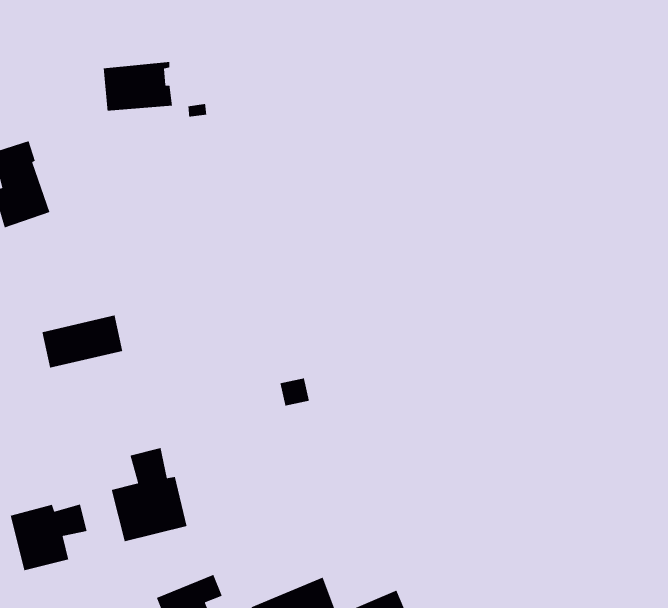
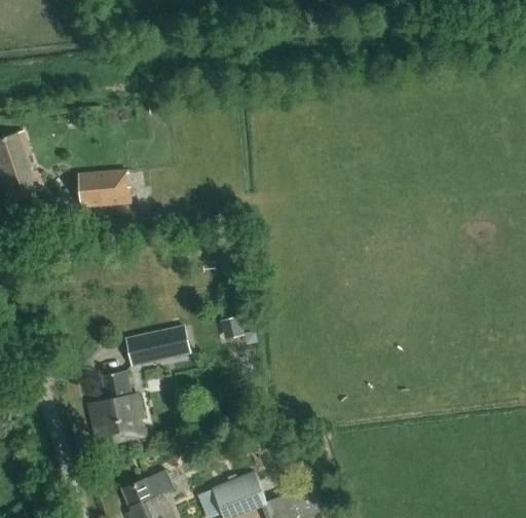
building: [103,61,173,111] -> [77,169,132,208]
building: [42,315,123,369] -> [126,325,190,367]
building: [10,503,88,571] -> none

